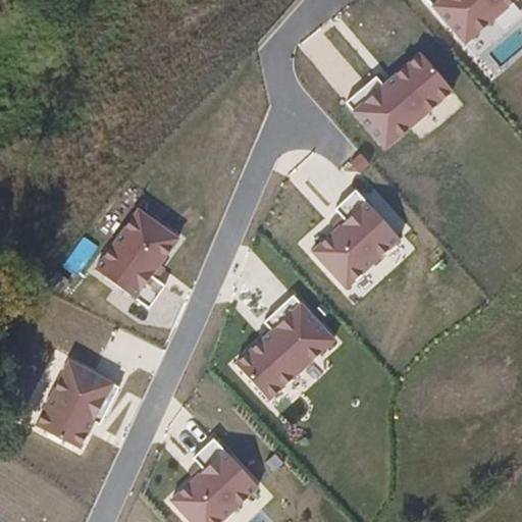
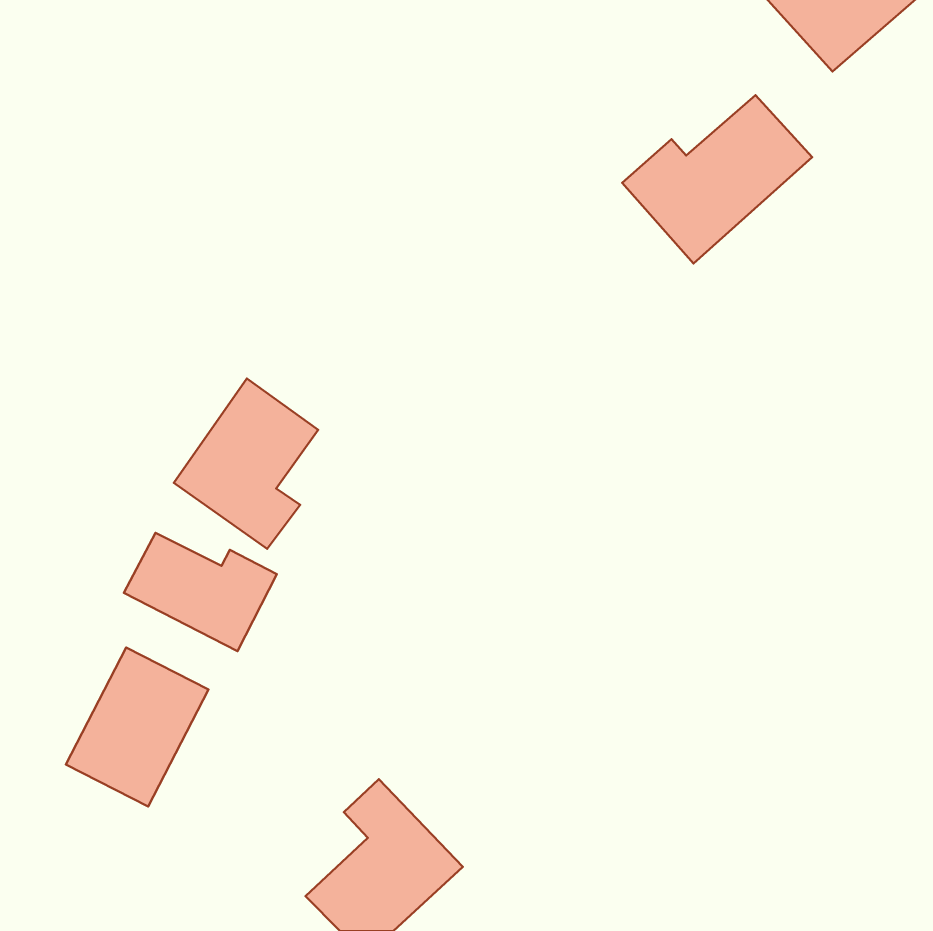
building: [313,188,401,285] -> none
building: [236,297,333,402] -> none
building: none -> [124,533,277,651]

